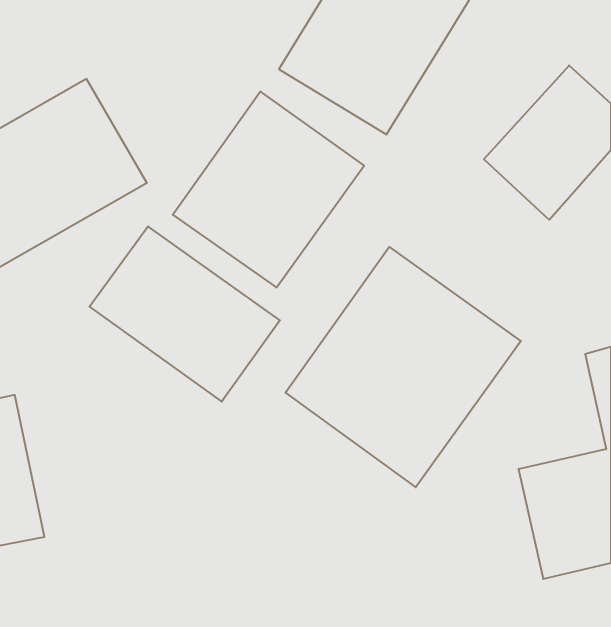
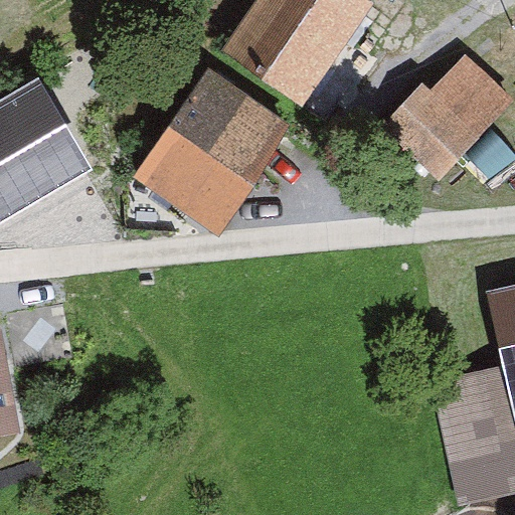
building: [89,226,280,402] -> none
building: [285,247,521,487] -> none

